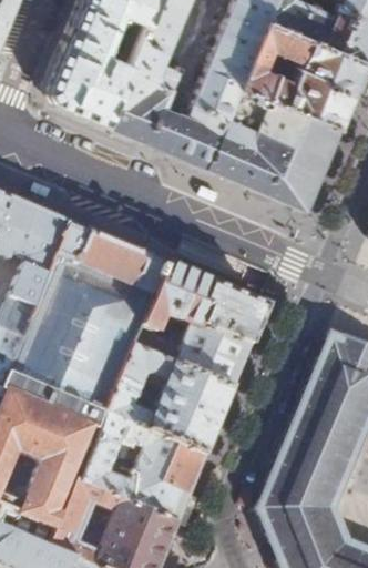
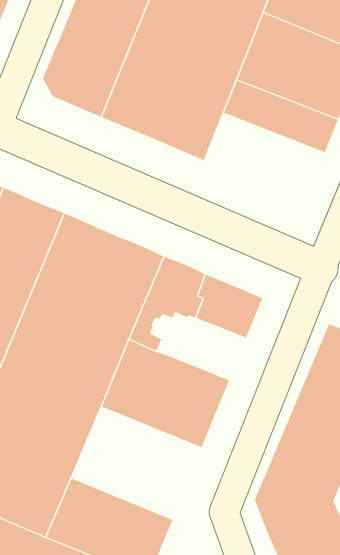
building: [207,121,328,212] -> none
building: [175,324,249,388] -> none
building: [74,415,205,528] -> none

